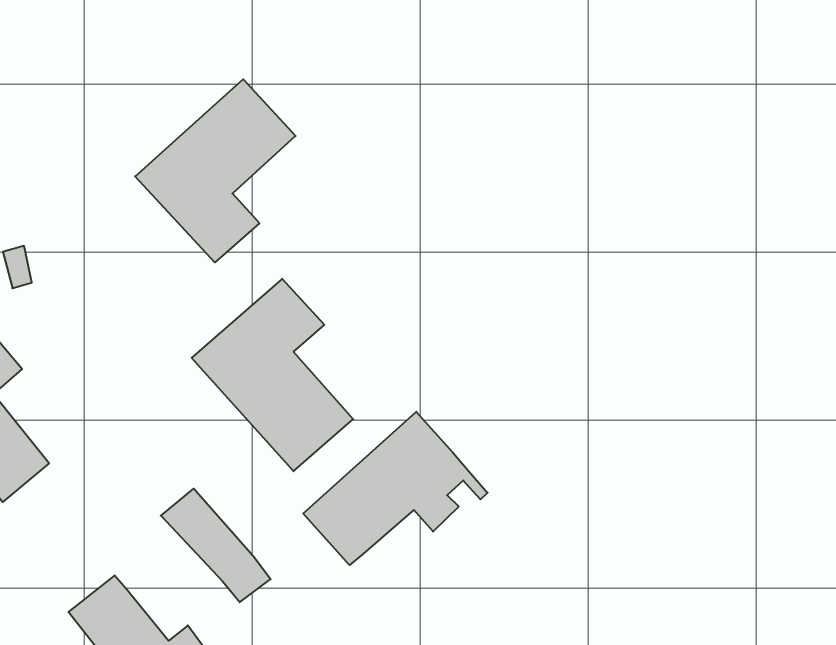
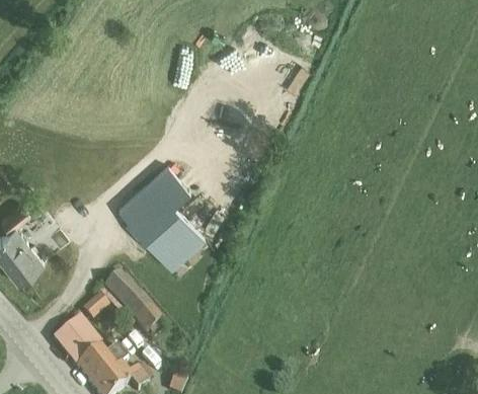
building: [135,79,296,262] -> none
building: [303,412,488,565] -> none

